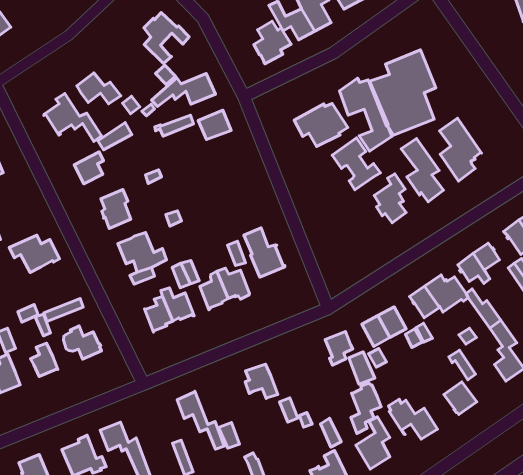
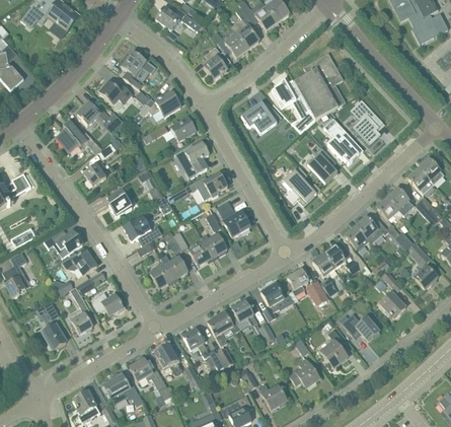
building: none -> [98,80,132,104]
building: [332,138,381,190] -> [283,165,320,204]
building: none -> [173,142,209,176]
building: none -> [184,172,227,199]
building: none -> [61,251,96,275]
building: none -> [207,311,239,345]
building: [351,383,381,434] -> [260,282,284,321]
building: none -> [155,344,182,374]

